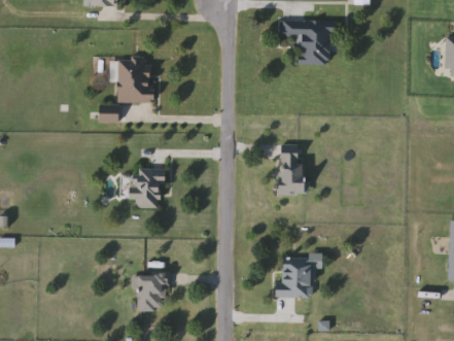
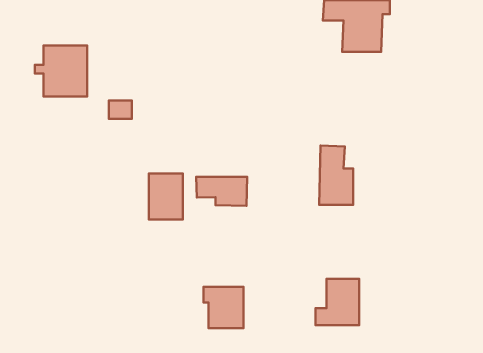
building: [109,59,153,102] -> [35,46,87,97]
building: none -> [196,177,247,206]
building: [131,275,165,310] -> [203,287,244,328]

